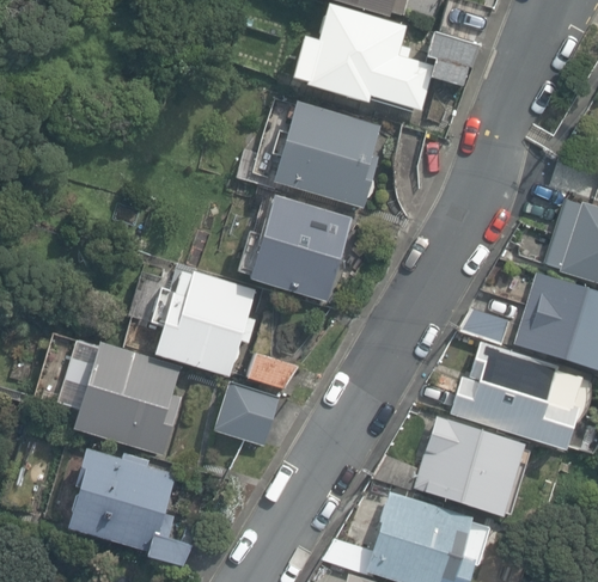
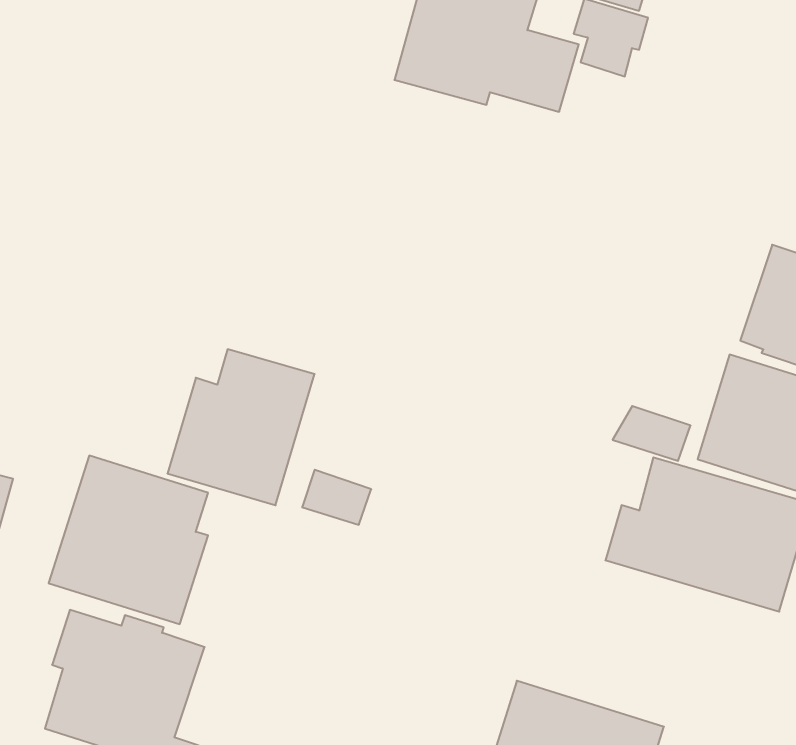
building: [275,103,379,207] -> none
building: [250,194,354,300] -> none
building: [214,379,280,445] -> none
building: [416,415,529,513] -> none

